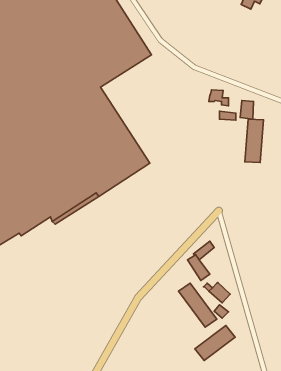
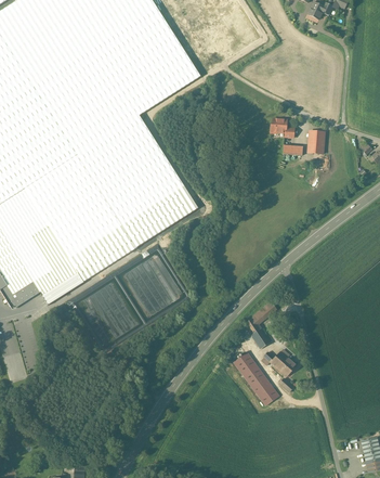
building: [245,119,263,162] -> none
building: [195,326,235,360] -> none

